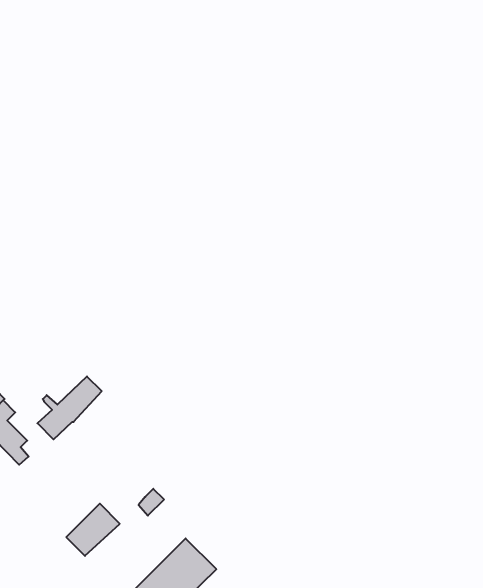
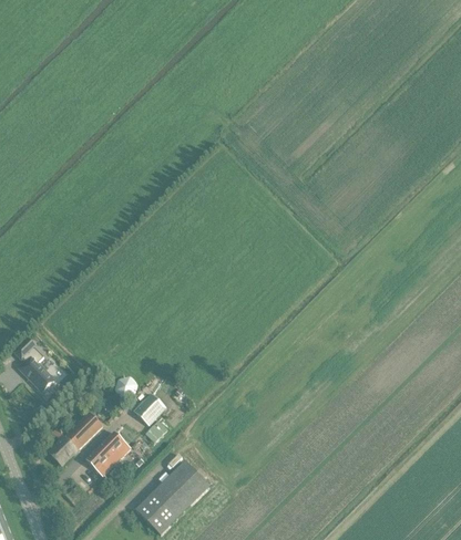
building: [37,376,102,439] -> [49,413,102,465]
building: none -> [134,393,166,425]

